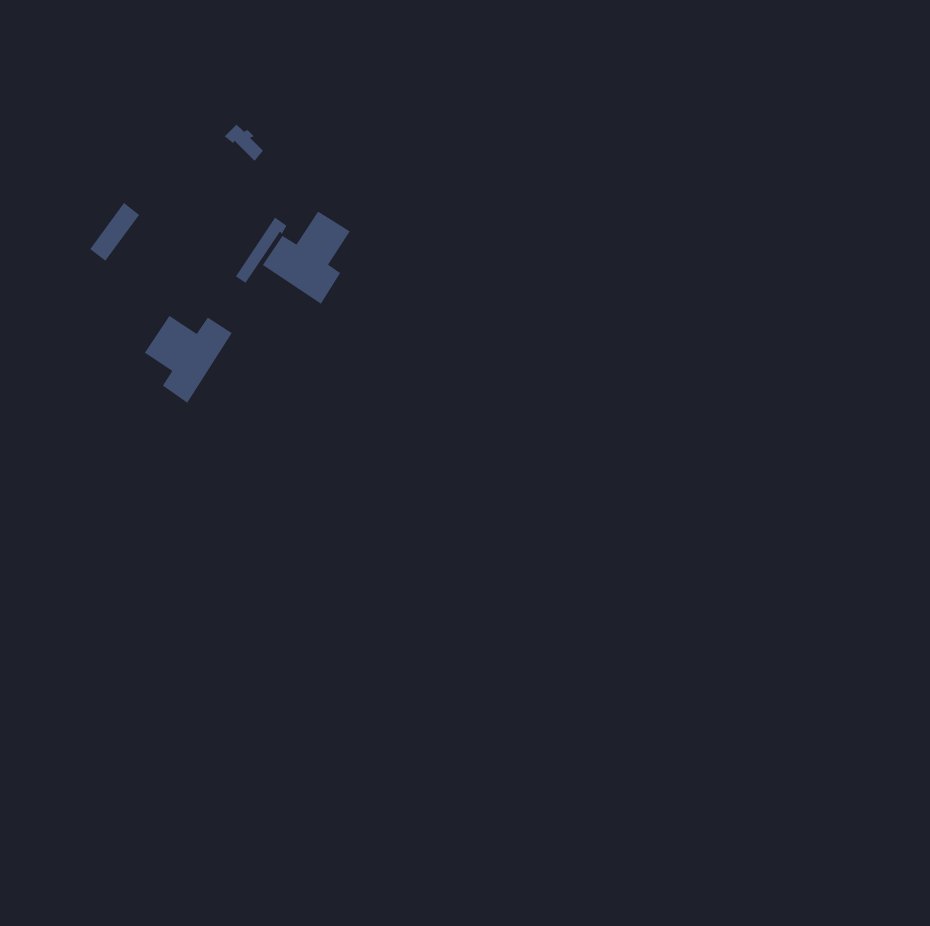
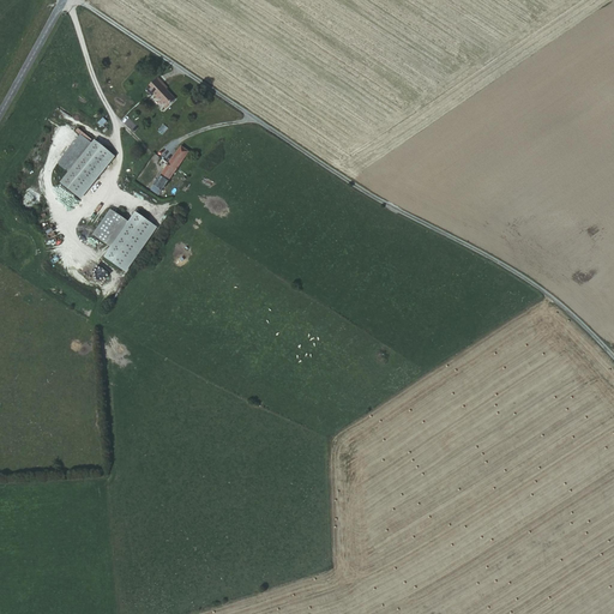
building: none -> [62,140,112,195]
building: [262,210,351,305] -> none

